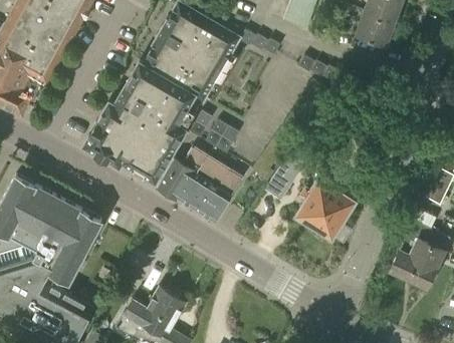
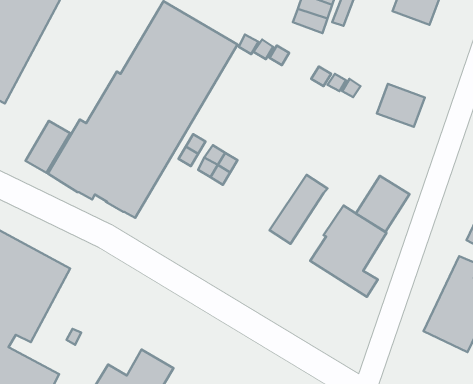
building: [356,11,395,46] -> [377,84,425,127]
building: none -> [25,121,70,173]
building: none -> [356,176,409,232]
building: [157,146,243,222] -> none

